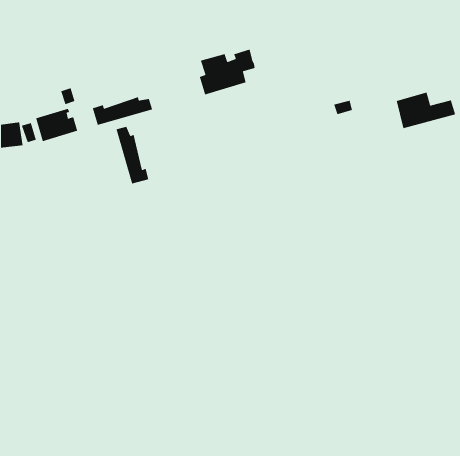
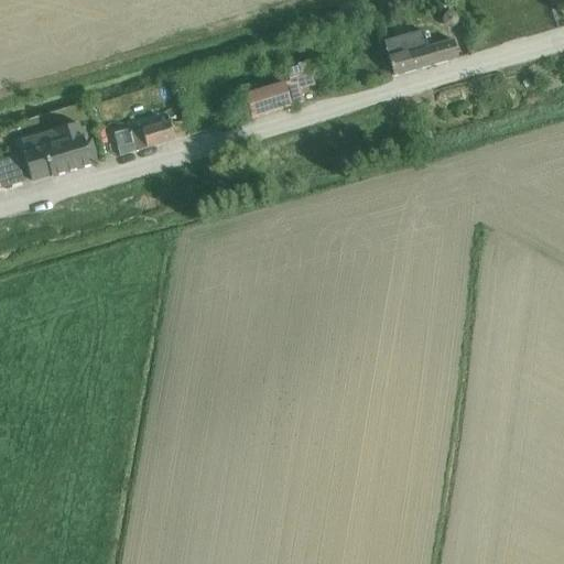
building: [396,91,456,129] -> [384,28,458,74]
building: [115,126,149,185] -> none

